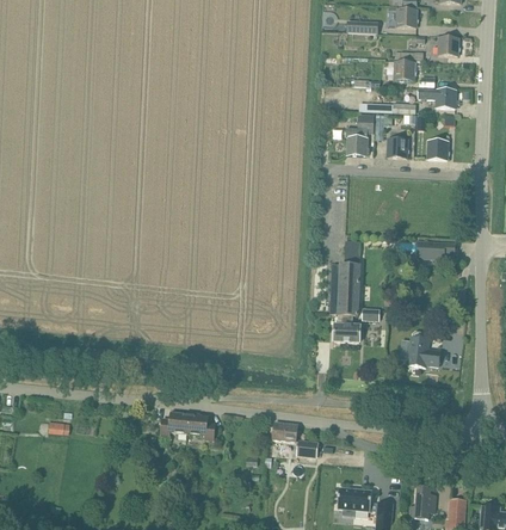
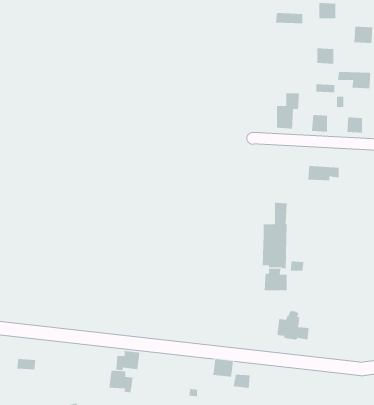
building: [418,240,455,258] -> [308,165,340,181]
building: [400,329,438,364] -> [276,310,309,340]
building: [187,413,216,439] -> [109,370,133,393]

